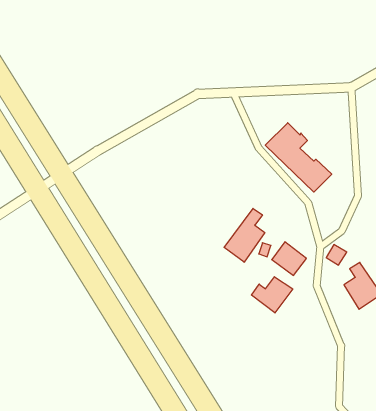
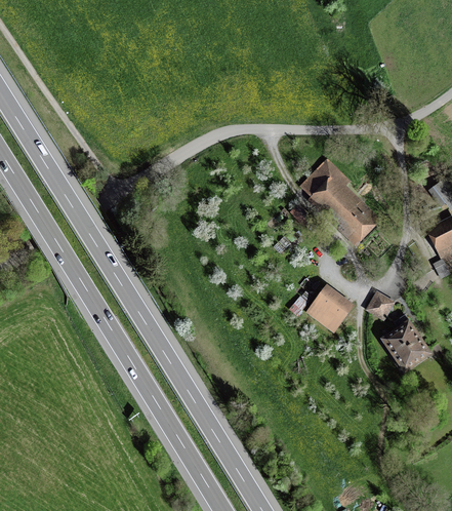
building: [224,208,265,262] -> none
building: [251,277,293,313] -> none

